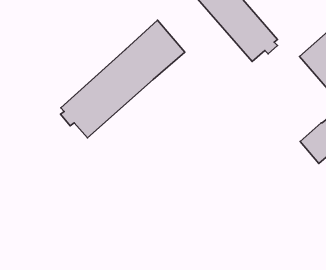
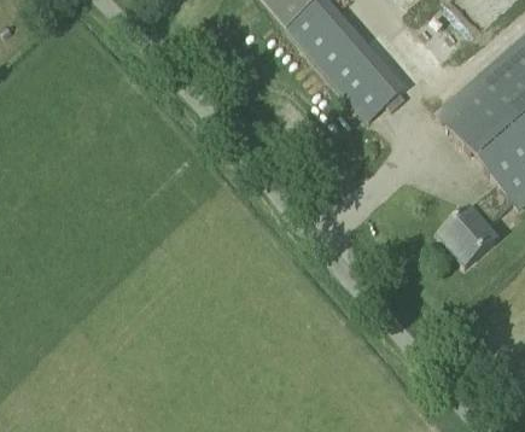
building: [60,20,185,138] -> none

